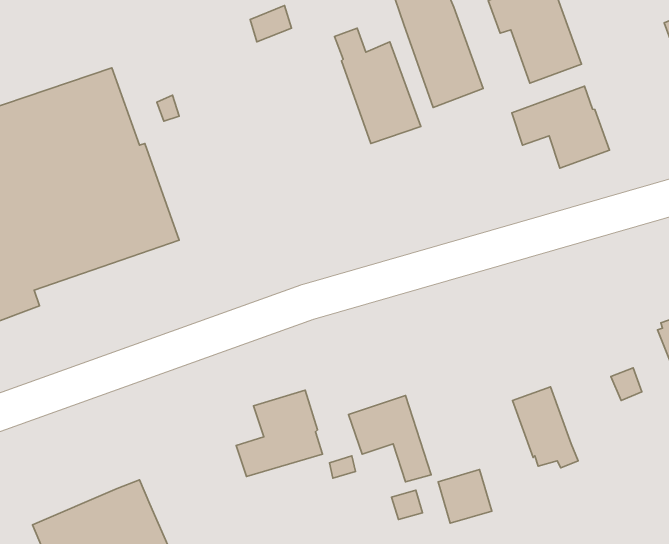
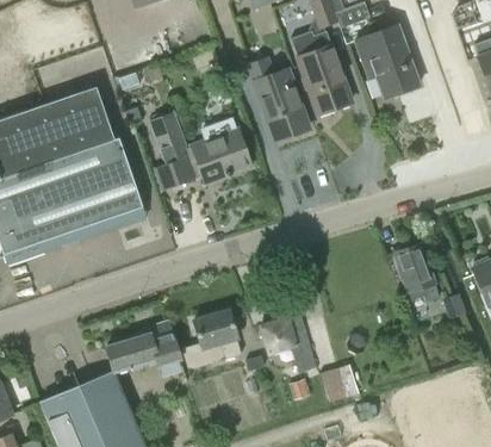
building: [512,86,610,168] -> none
building: none -> [150,112,251,190]
building: [512,387,578,468] -> [393,244,439,300]
building: none -> [106,322,180,371]

